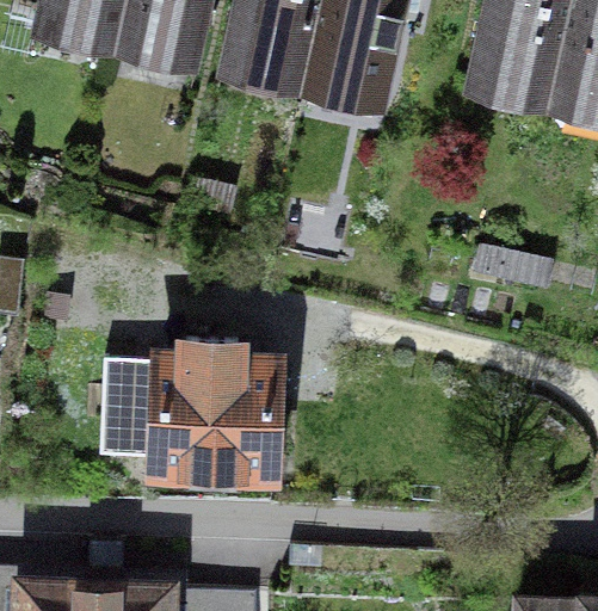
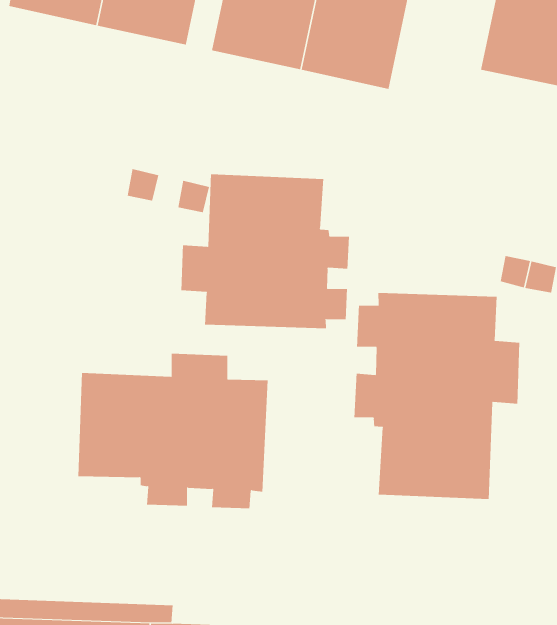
building: none -> [181,174,350,329]
building: none -> [354,292,520,500]

